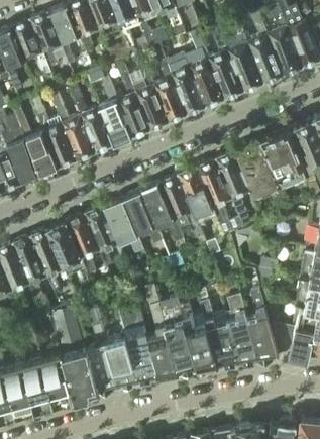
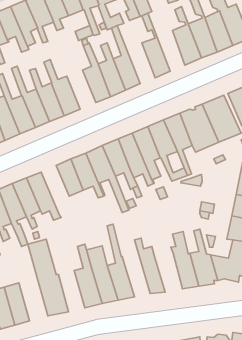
building: [207,19,242,99] -> none
building: [167,52,206,114] -> none
building: [86,66,133,145] -> none
building: [67,214,100,275] -> none
building: [200,301,239,368] -> none
building: [166,305,200,374] -> none
building: [88,311,120,393] -> none
building: [39,351,75,404] -> none

